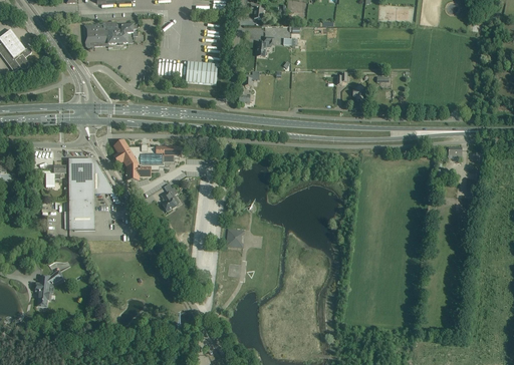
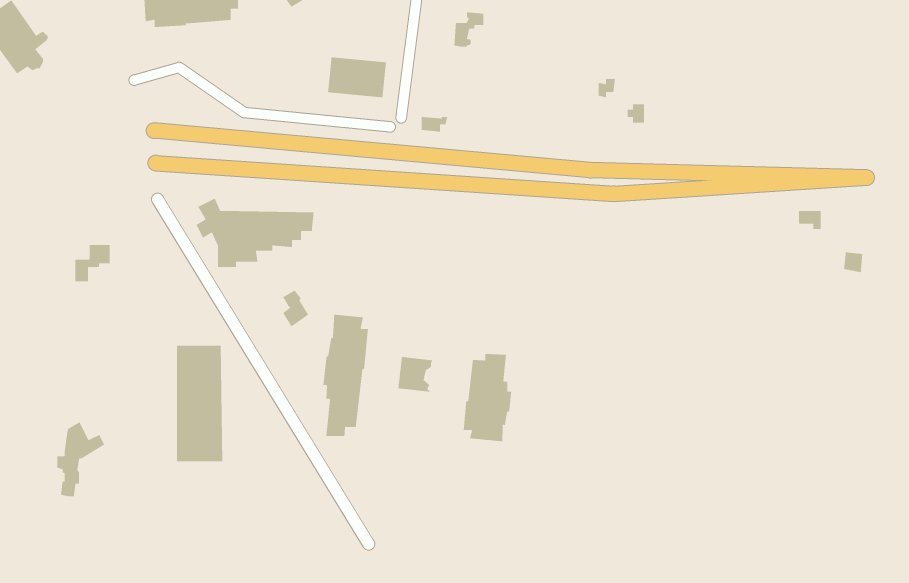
building: [68,164,94,230] -> [176,345,223,462]
building: none -> [323,314,369,437]
building: none -> [463,353,512,442]

